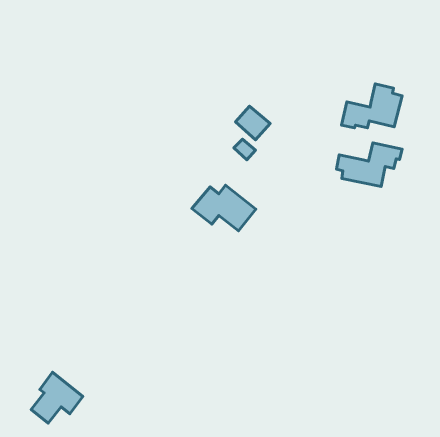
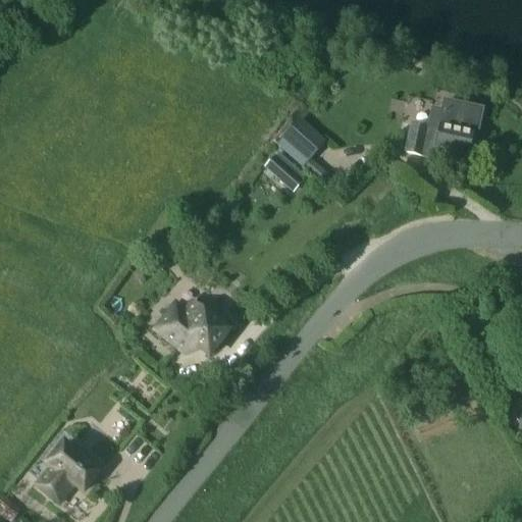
building: [336,143,402,187] -> none
building: [192,185,256,231] -> [154,298,229,352]

